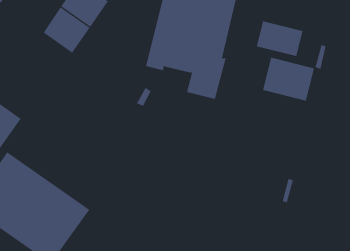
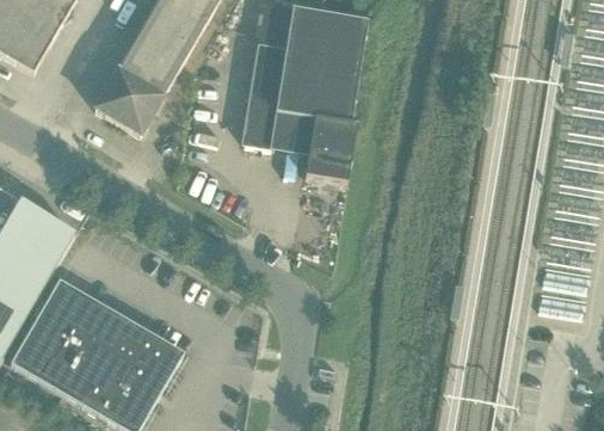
building: [256,20,303,57] -> none
building: [262,57,315,101] -> none

